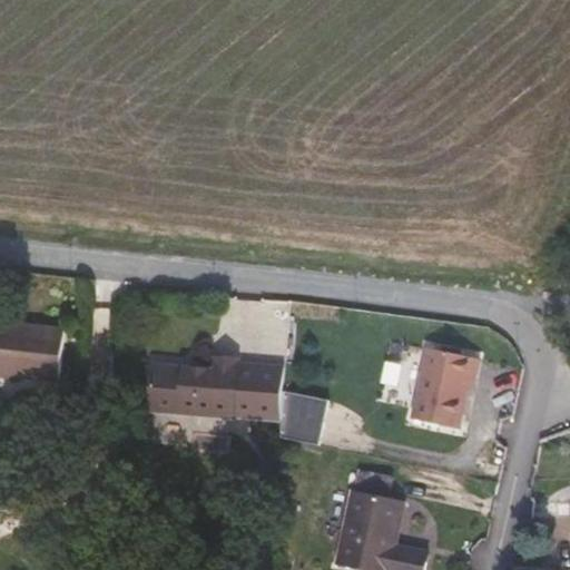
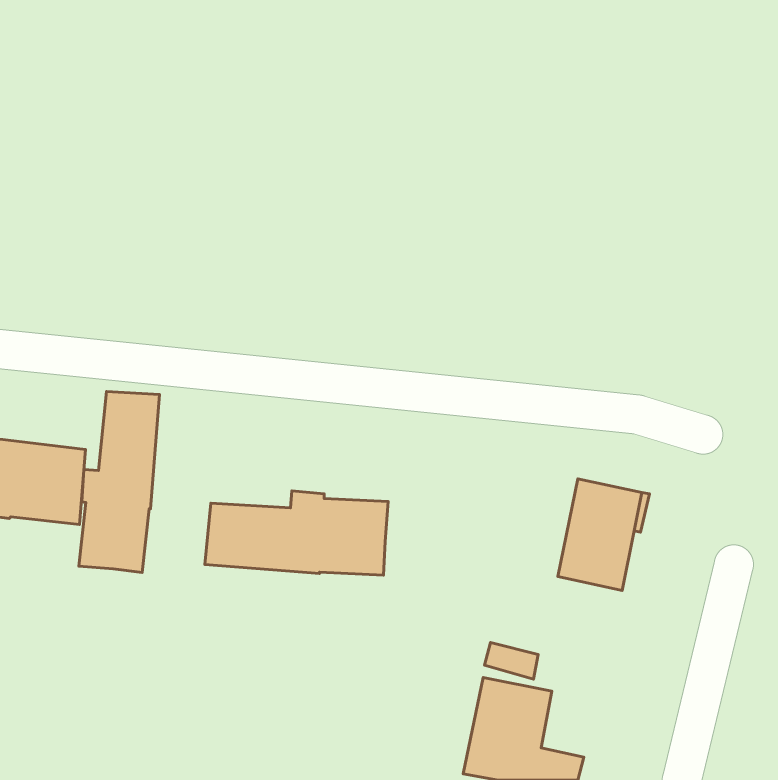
building: none -> [79,392,160,572]
building: [278,394,326,449] -> none

